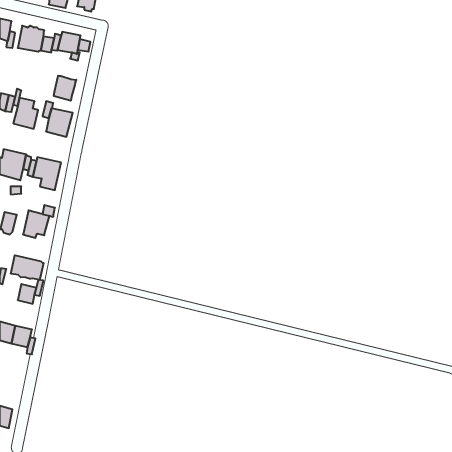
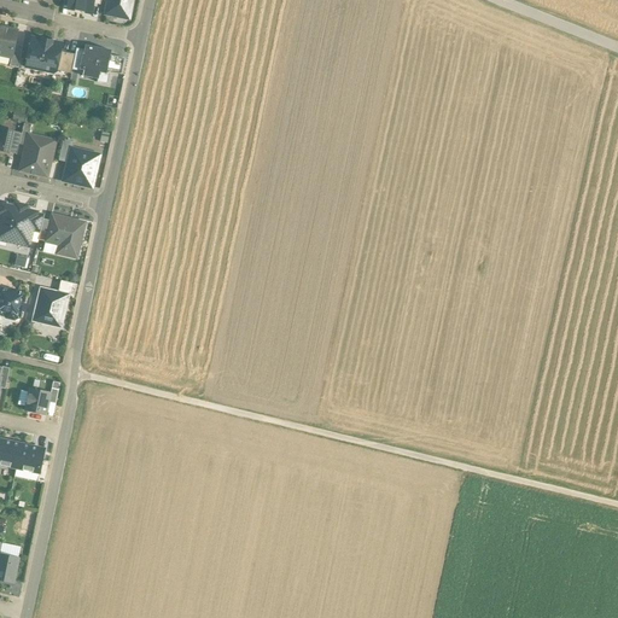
building: [54,76,76,101] -> none
building: [11,255,44,280] -> none

